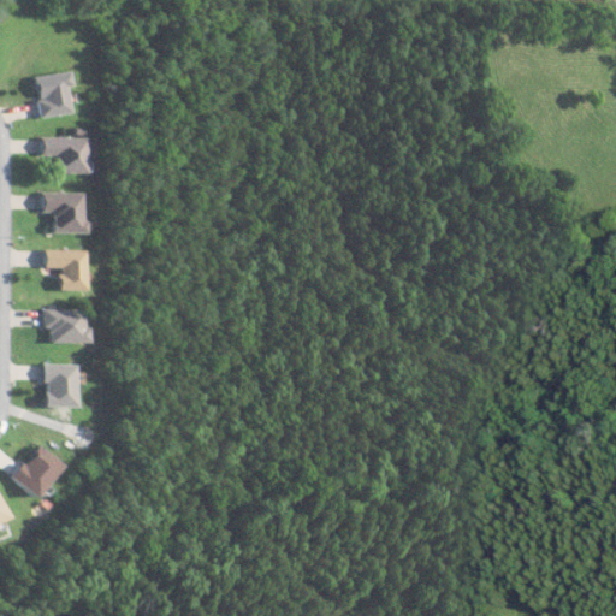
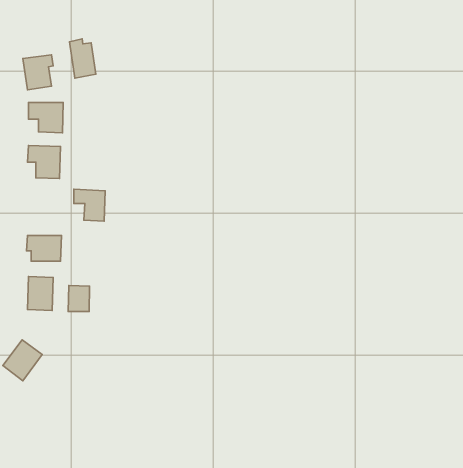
building: none -> [69,39,96,78]
building: [46,249,87,291] -> [74,189,105,221]
building: none -> [68,285,89,312]

